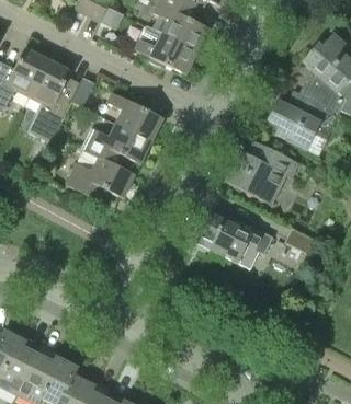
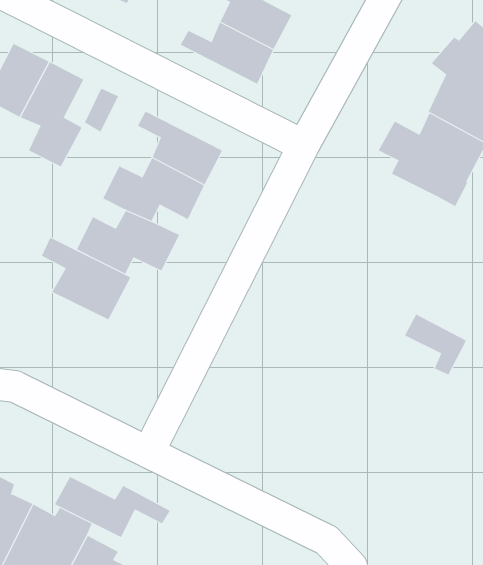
building: [225,142,298,204] -> none
building: none -> [41,237,131,320]
building: [194,212,262,263] -> none
building: none -> [54,476,171,538]

